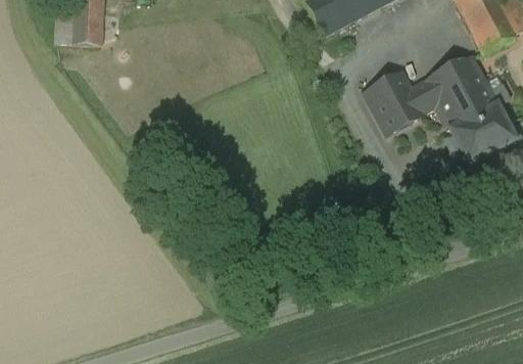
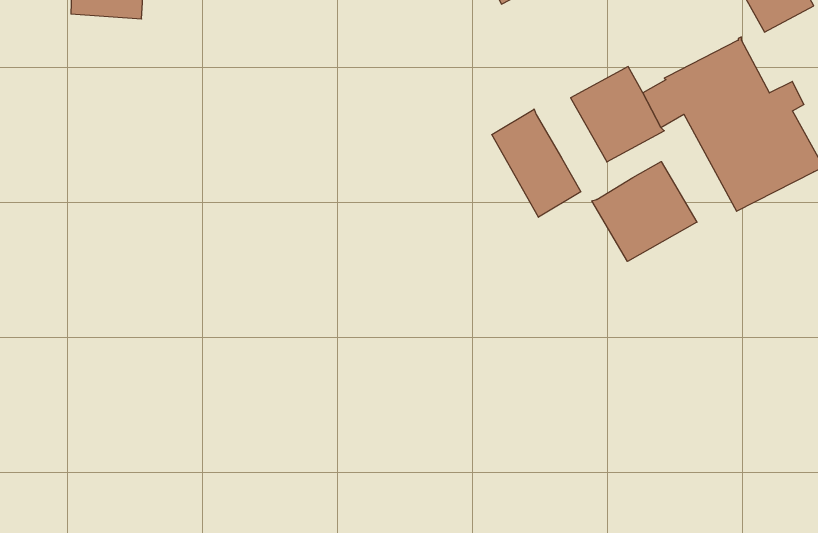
building: none -> [492,109,581,217]
building: none -> [592,162,697,261]

